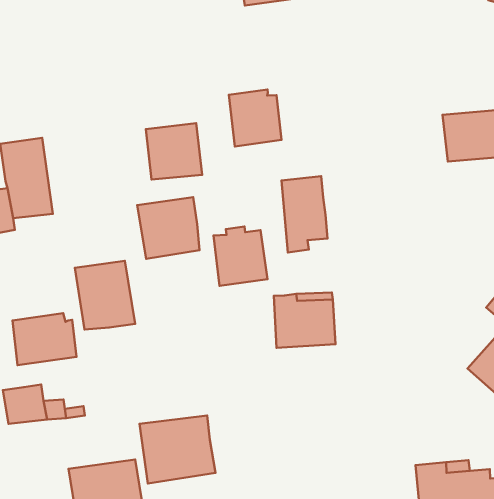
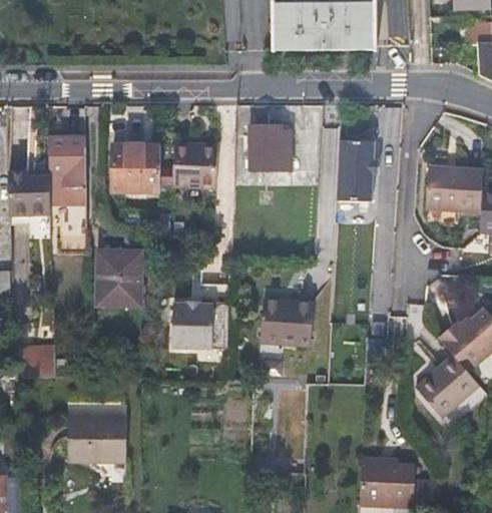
building: [281,176,328,252] -> [335,138,372,199]
building: [137,197,200,259] -> [112,144,160,190]
building: [214,226,267,286] -> [172,302,213,349]
building: [12,313,76,365] -> none
building: [140,416,215,483] -> none

